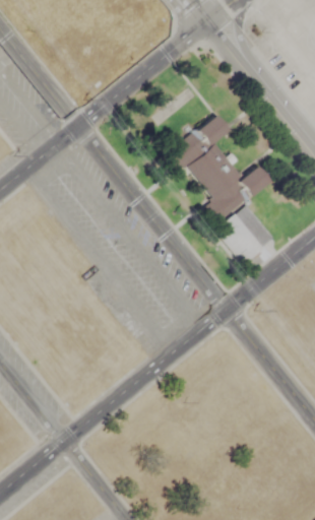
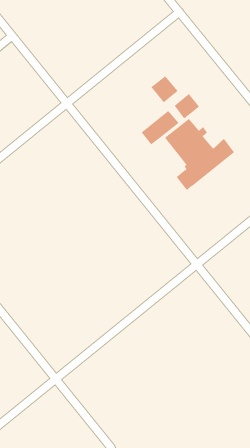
building: none -> [151,76,178,103]
building: [215,204,275,265] -> none

